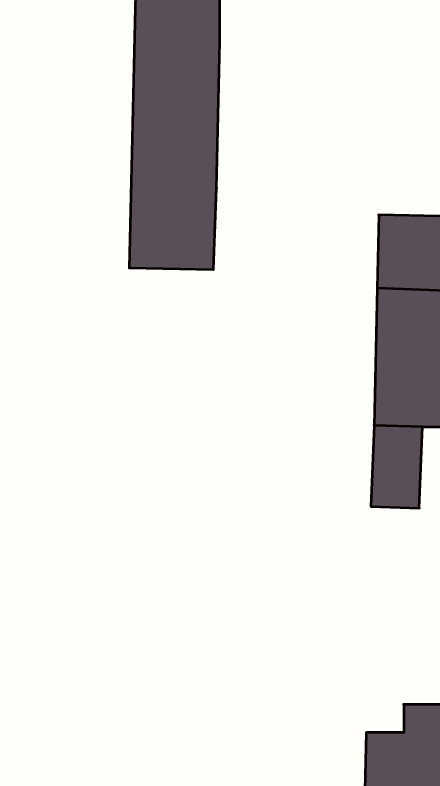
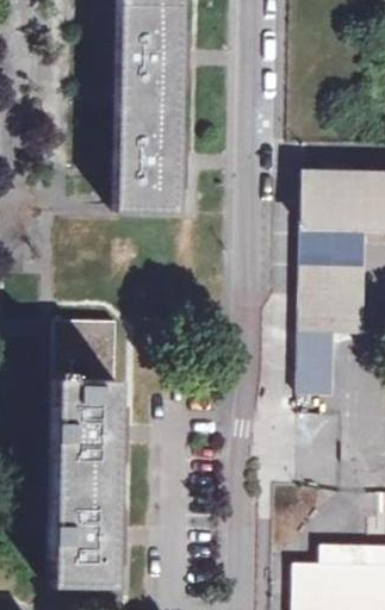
building: none -> [51,317,120,587]

